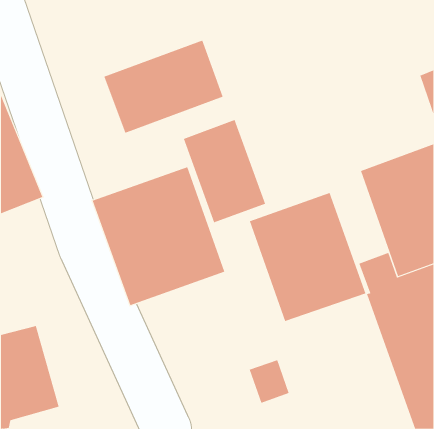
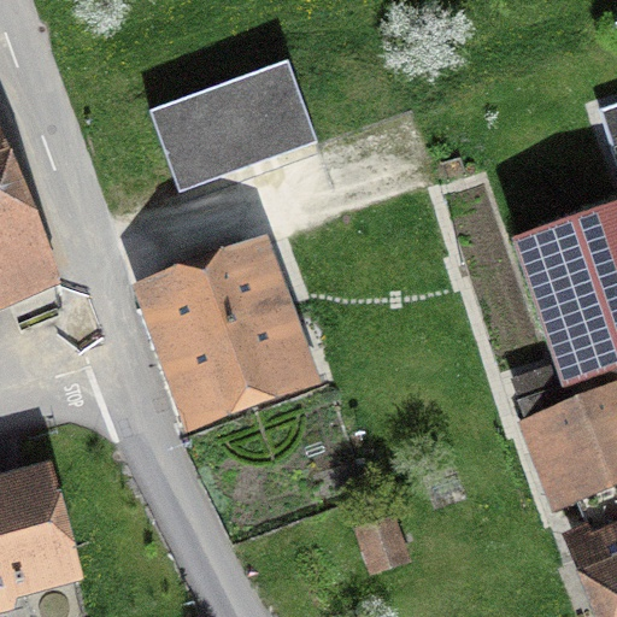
building: [183,119,266,223] -> none
building: [249,192,366,322] -> none

